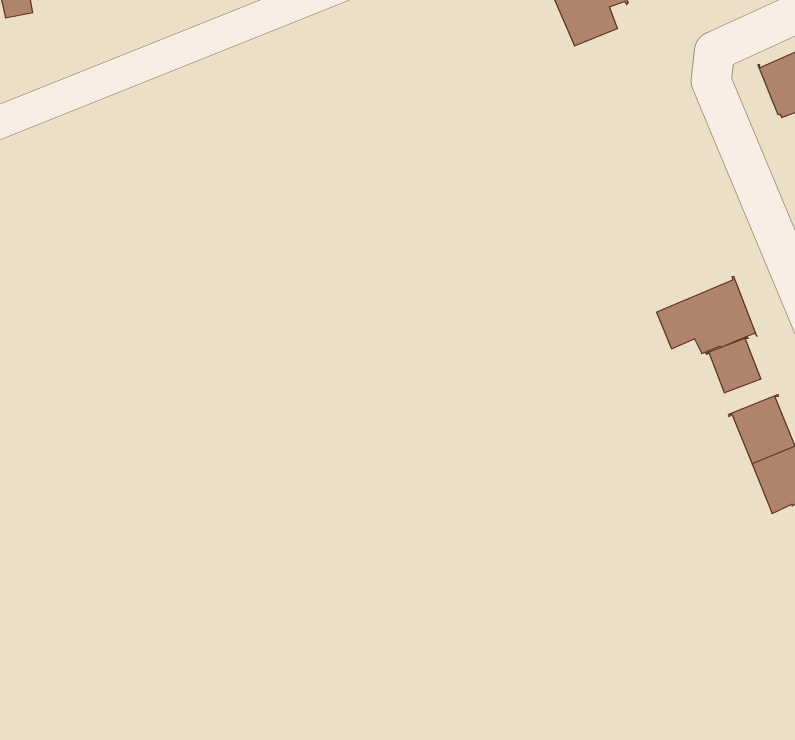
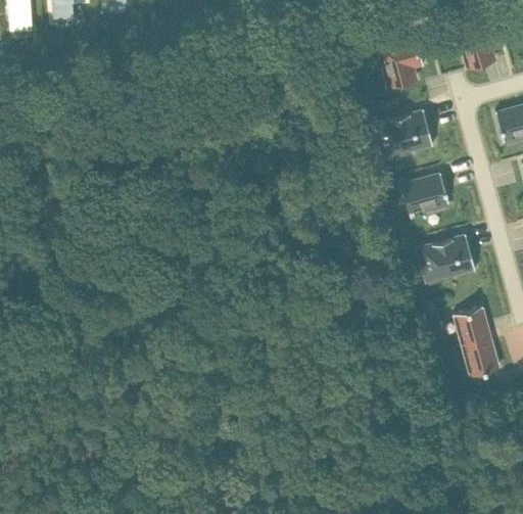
building: none -> [376,110,433,153]
building: none -> [401,174,448,213]
building: [706,337,761,393] -> none

